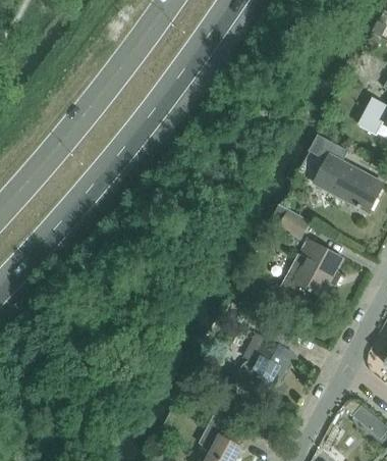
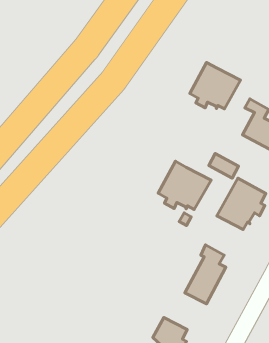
building: none -> [190,62,240,109]
building: none -> [158,161,211,210]

